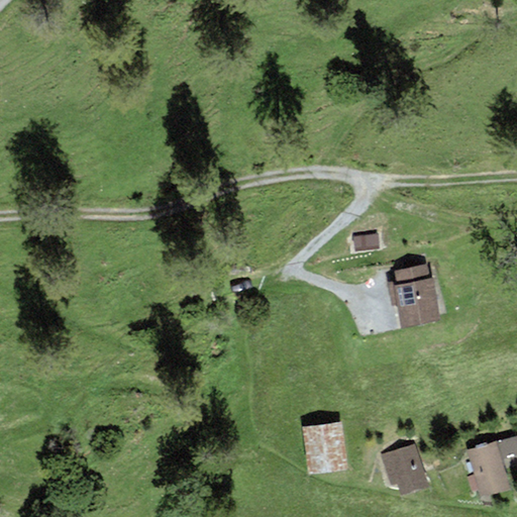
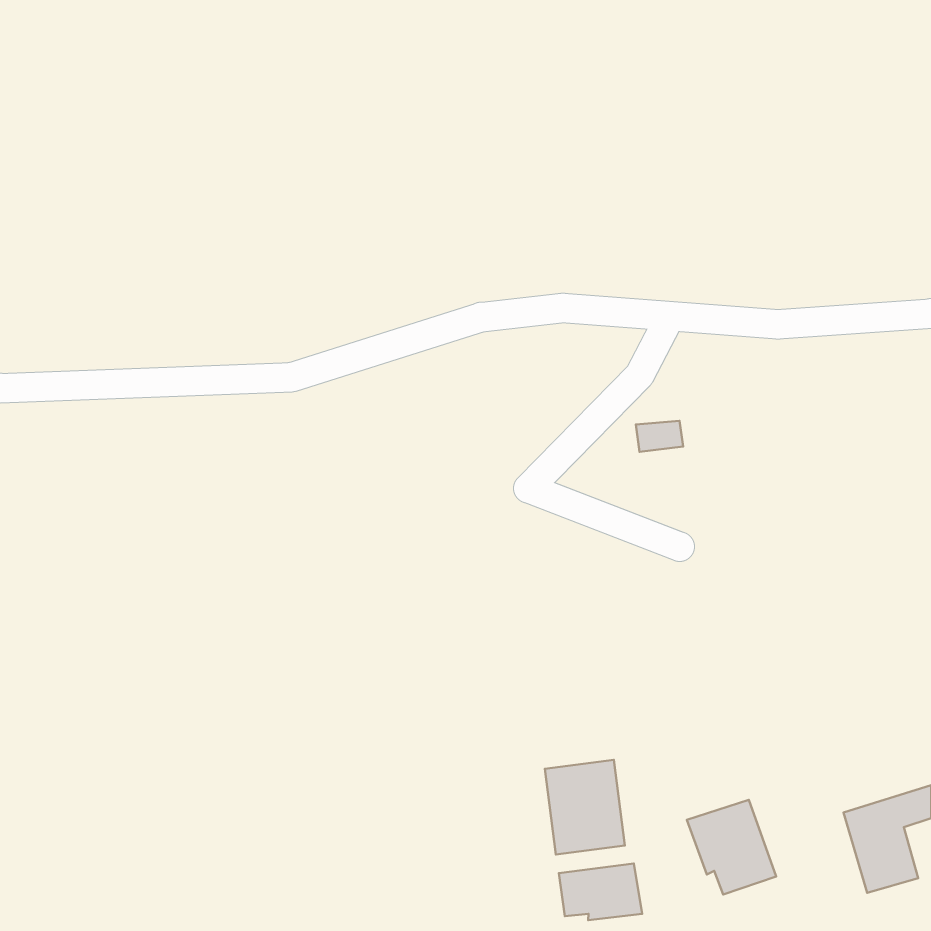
building: [393,264,441,328] -> none
building: none -> [559,864,642,920]

